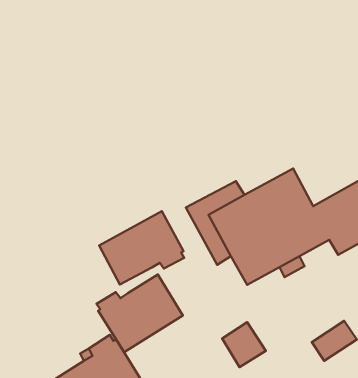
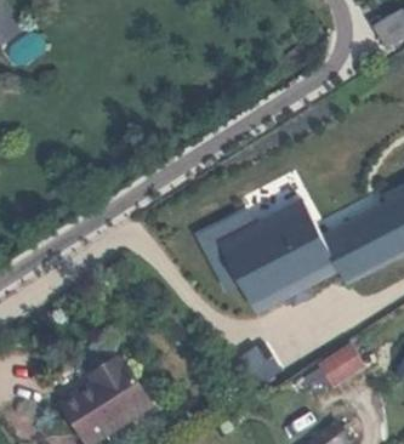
building: [99,211,184,285] -> none
building: [97,275,183,352] -> none

